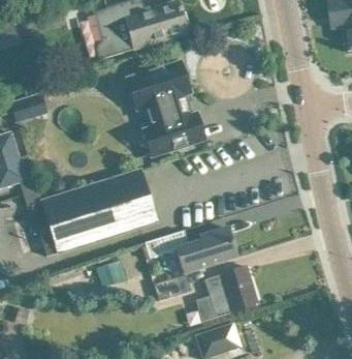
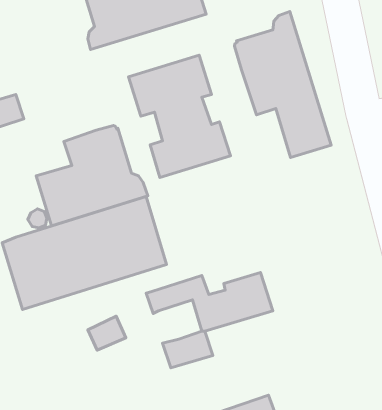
building: none -> [235,12,331,157]
building: none -> [36,125,148,226]
building: [194,266,256,321] -> none

